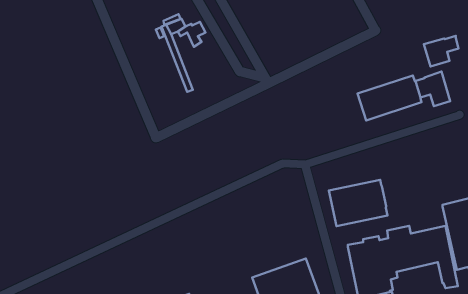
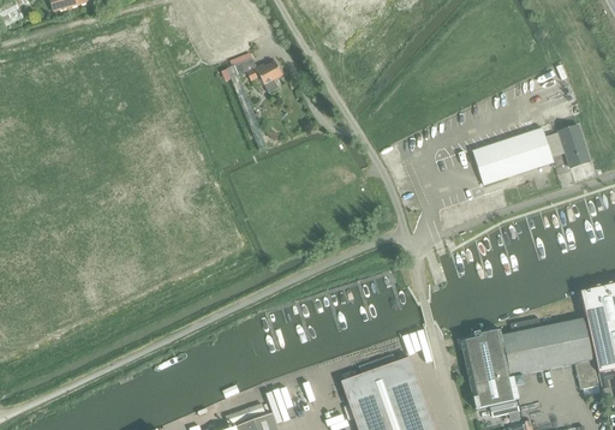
building: [424,36,459,66] -> none
building: [329,180,387,226] -> none

